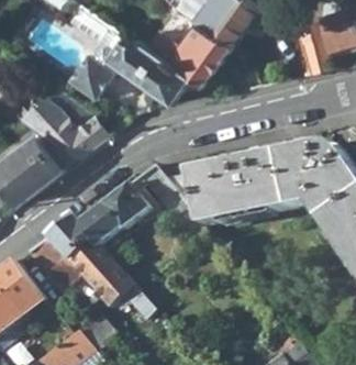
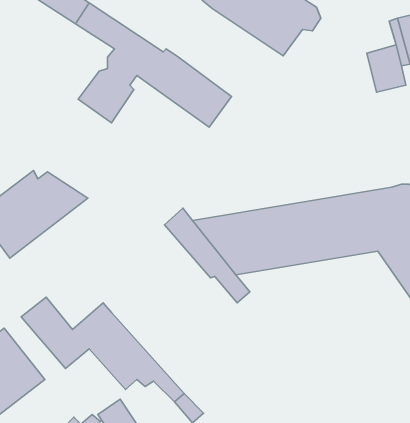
building: [151,9,233,86] -> none
building: [16,100,108,158] -> none
building: [46,185,148,262] -> none

